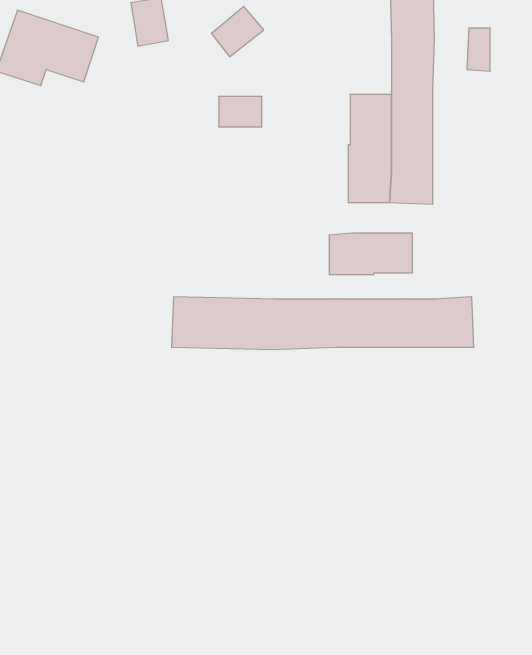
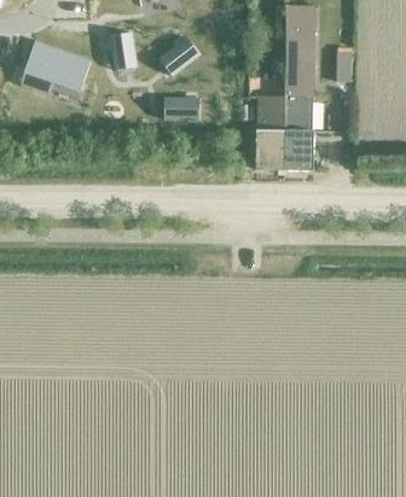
building: [330,233,412,275] -> none
building: [172,297,474,350] -> none

